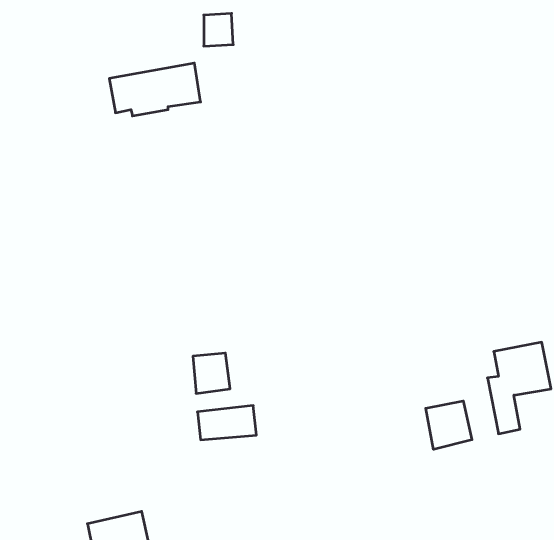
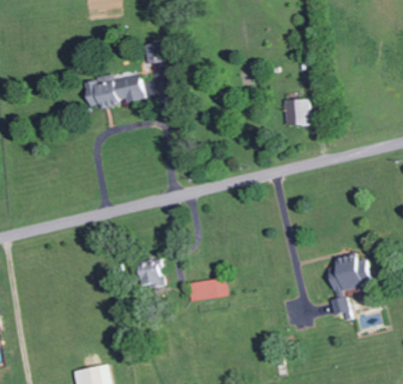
building: none -> [284,99,309,125]
building: [426,401,472,449] -> none
building: [197,406,256,440] -> [189,278,227,300]

